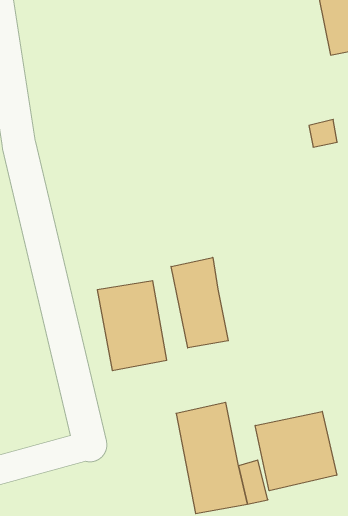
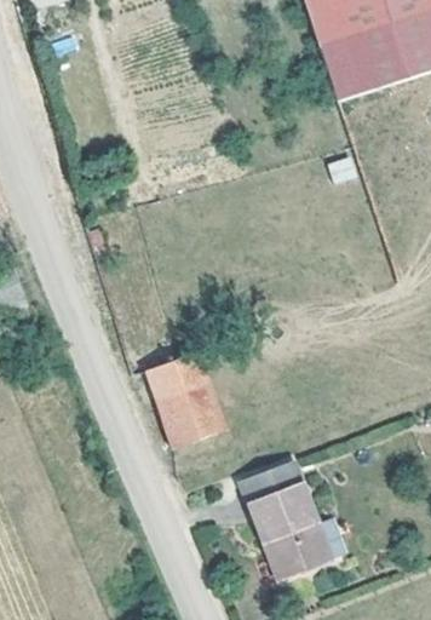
building: [171,257,228,348] -> none
building: [255,411,337,491] -> none

